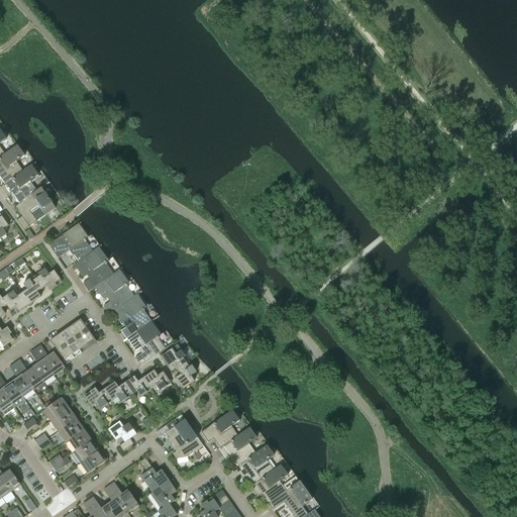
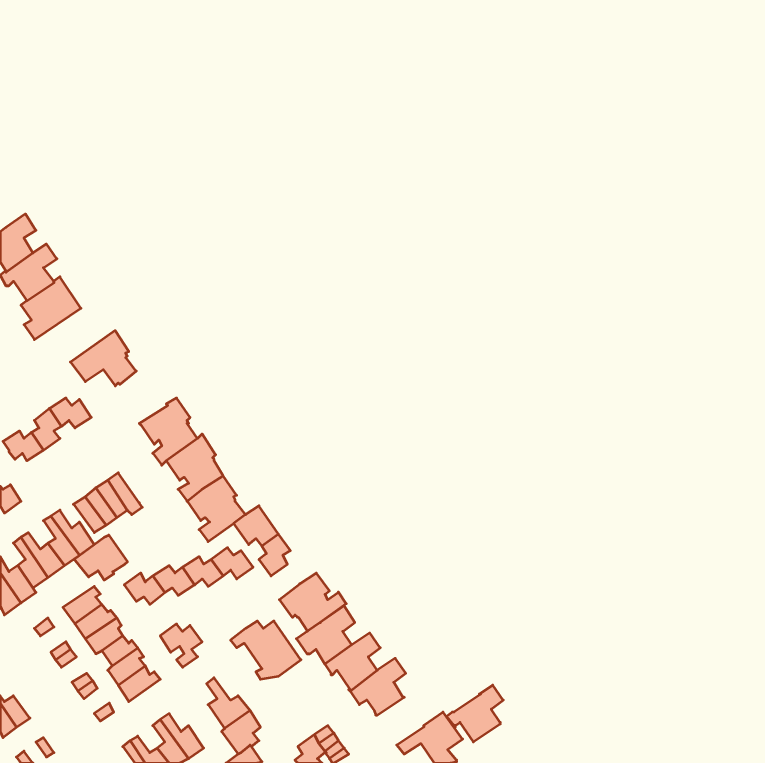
building: [74,246,113,291] -> none
building: none -> [74,535,127,580]
building: none -> [279,573,346,631]
building: [249,464,288,503] -> [446,685,503,742]

